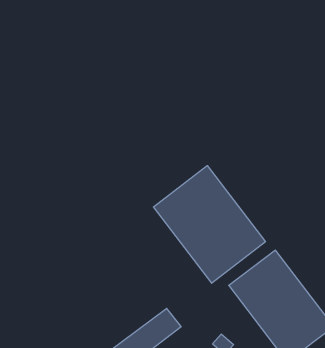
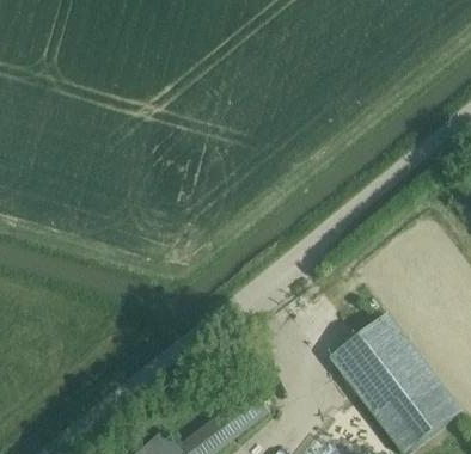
building: [153,166,265,283] -> none

